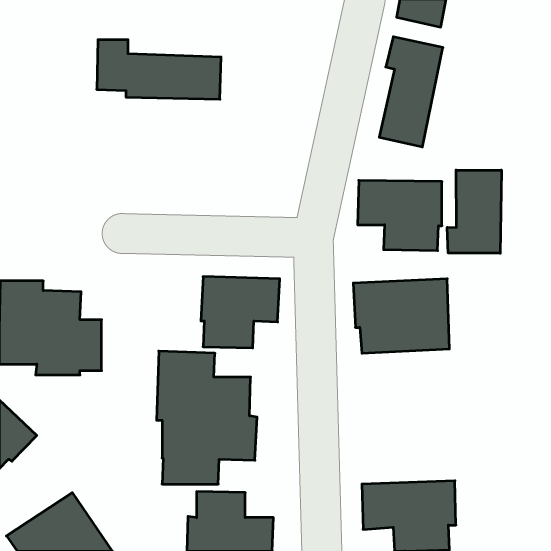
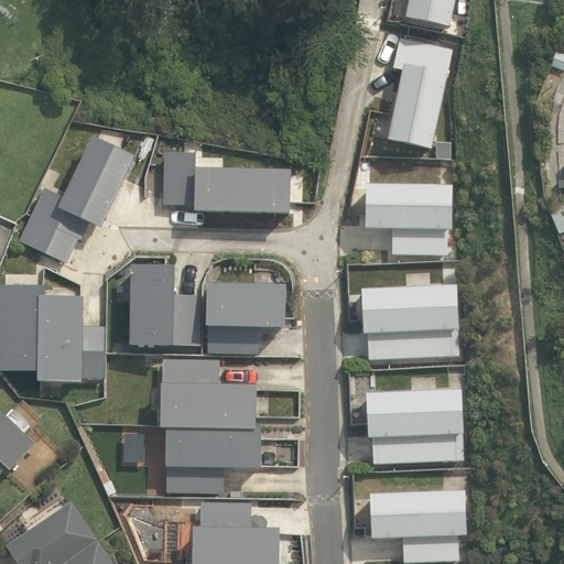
building: [97,40,221,99] -> [163,153,290,214]
building: none -> [19,137,135,264]
building: [447,170,501,253] -> none
building: none -> [129,265,202,346]
building: none -> [366,389,463,464]

